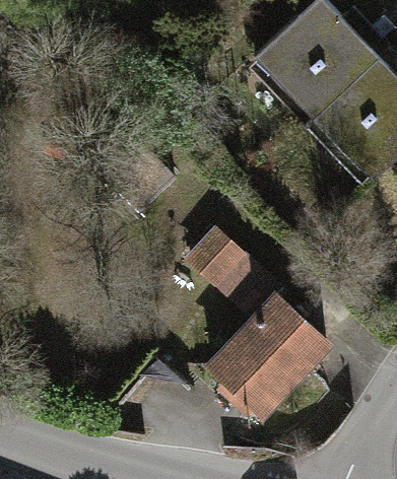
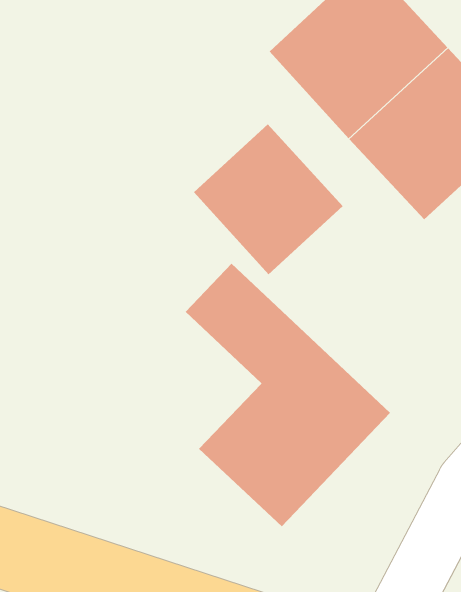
building: none -> [193,123,343,275]

